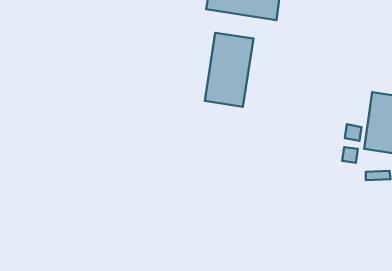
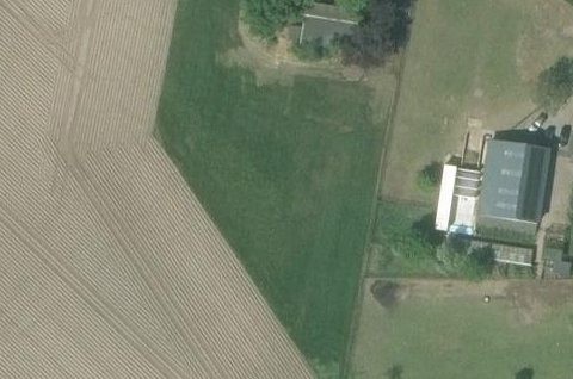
building: [205,33,253,107] -> none

